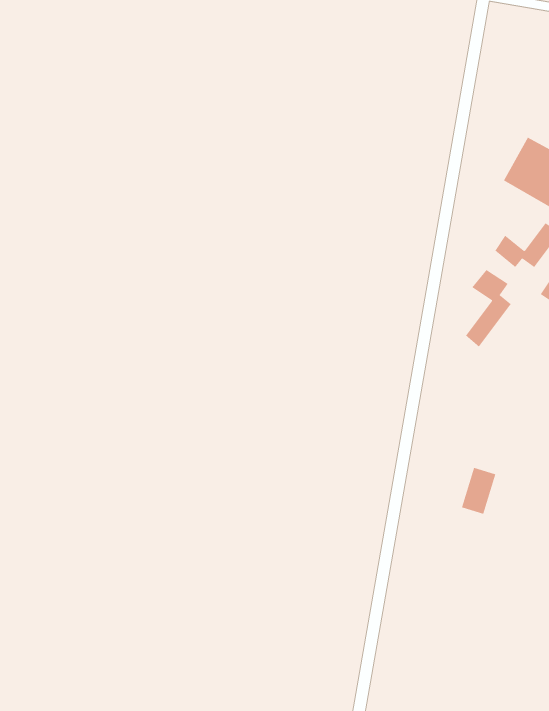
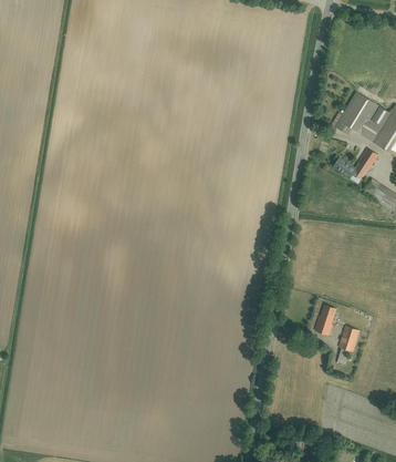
building: [465,269,512,348] -> none
building: none -> [335,326,358,365]

